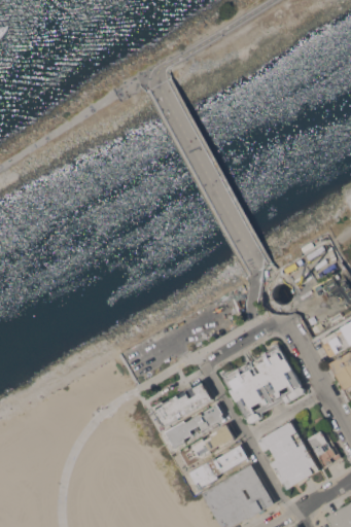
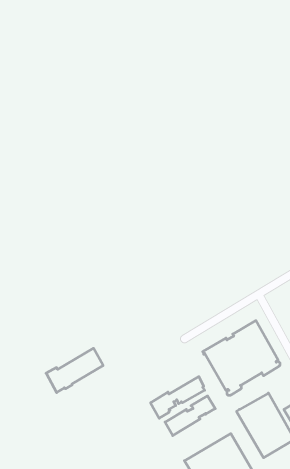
building: [151,381,212,428] -> [46,348,103,393]
building: [189,446,248,490] -> none

